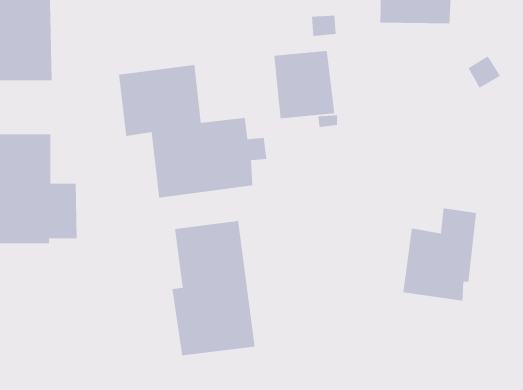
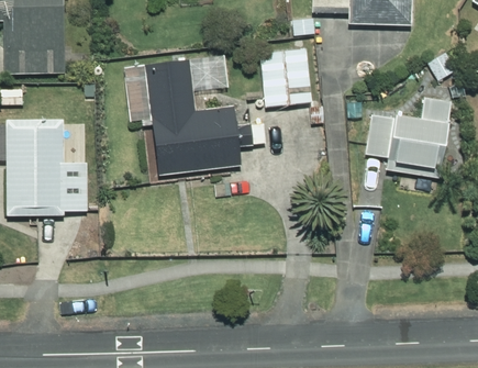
building: [402,208,477,301] -> [387,97,452,178]
building: [172,220,255,356] -> none

